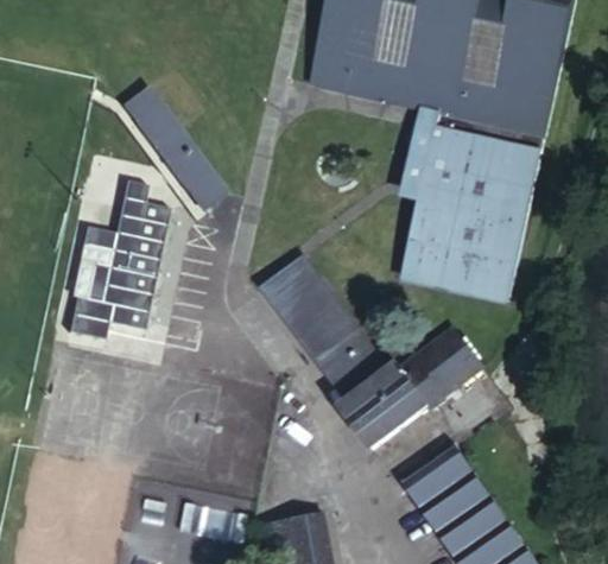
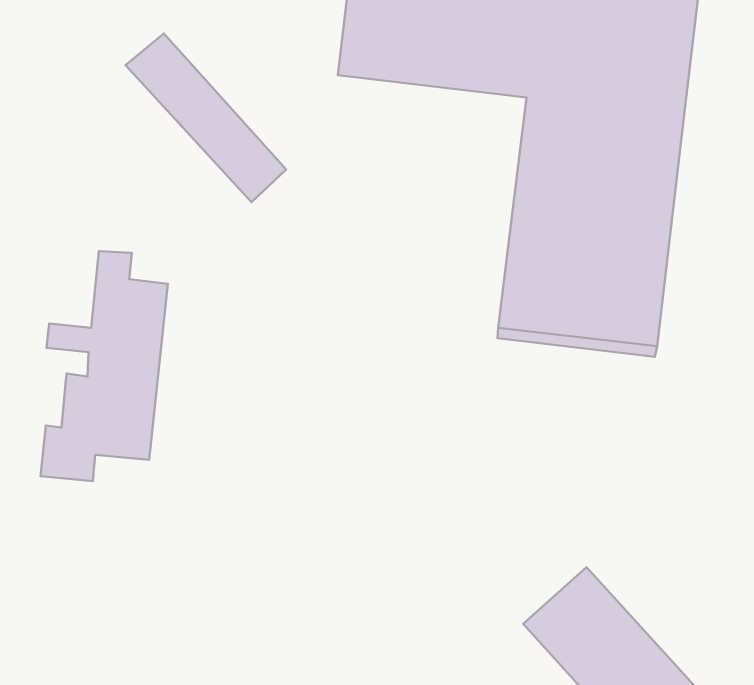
building: [124,83,227,205] -> [126,34,286,202]
building: [76,252,115,308] -> none
building: [256,254,477,446] -> none

